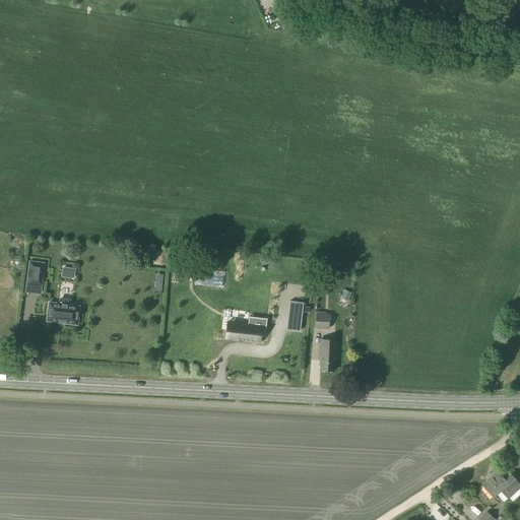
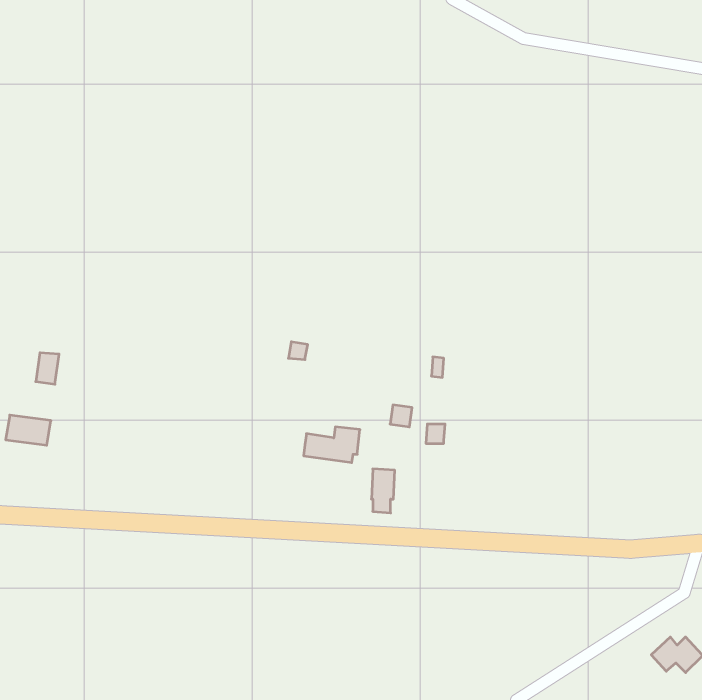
building: [46,302,79,324] -> [6,415,51,445]
building: [319,338,336,371] -> [371,469,395,513]

